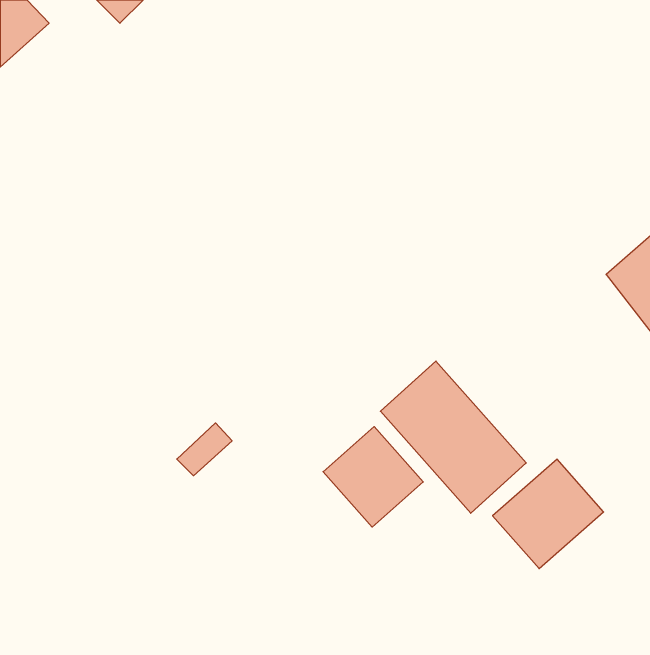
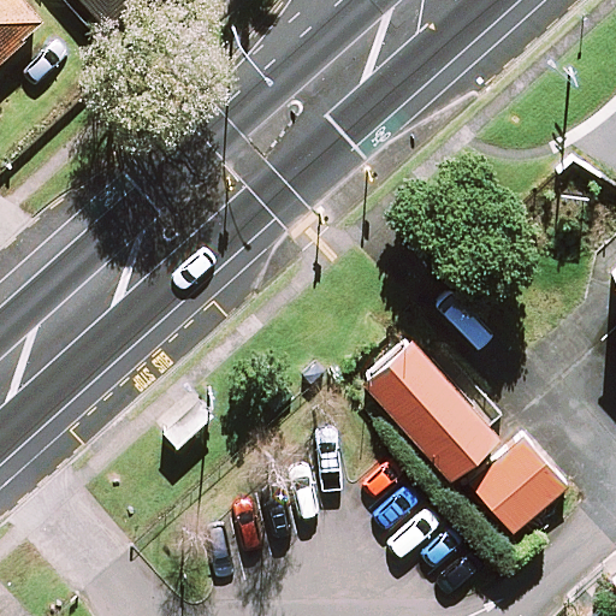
building: [323,427,423,527] -> none

